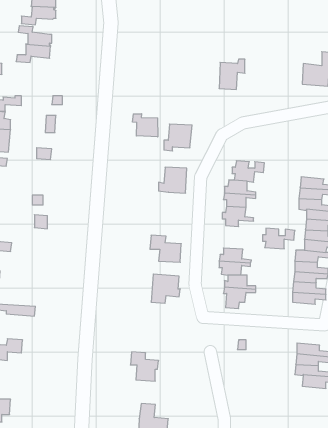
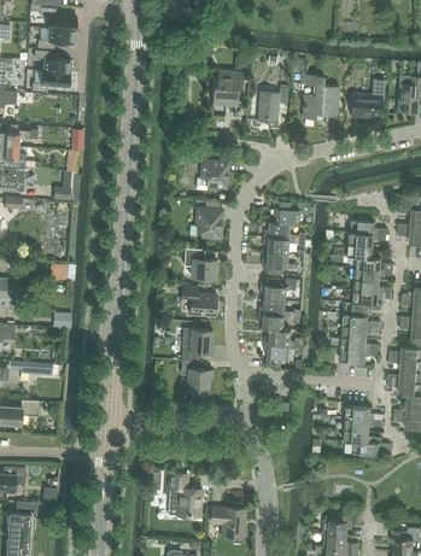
building: none -> [215,69,241,104]
building: none -> [302,72,338,118]
building: [133,114,158,137] -> none
building: none -> [183,247,216,277]
building: [263,228,295,249] -> [261,276,297,299]
building: [130,352,159,381] -> [181,358,212,391]

